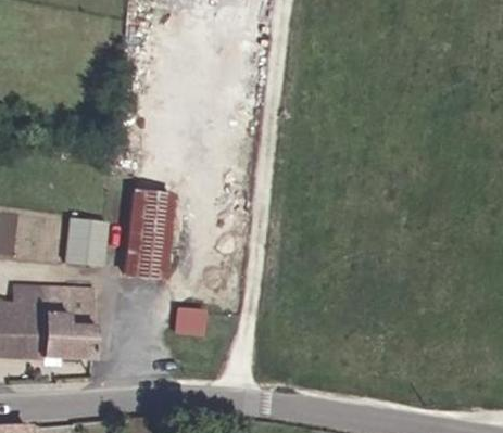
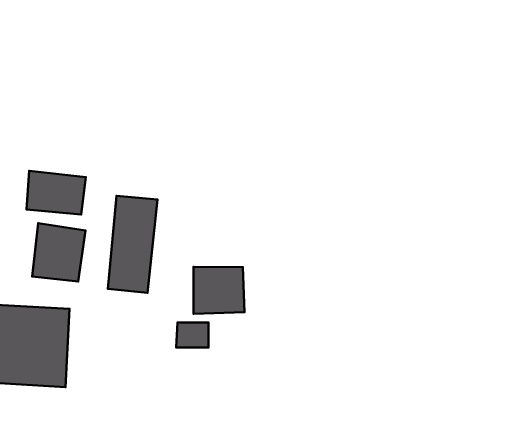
building: none -> [27,171,86,215]
building: none -> [193,267,245,314]

